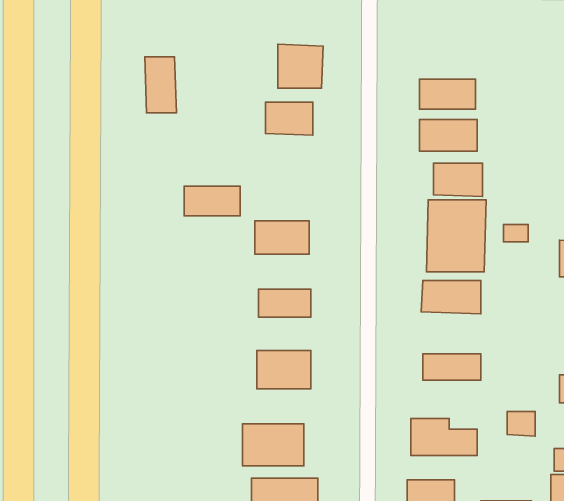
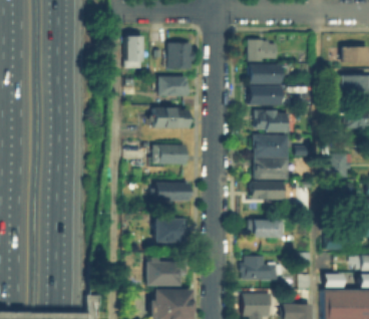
building: none -> [249,38,277,59]
building: [145,57,176,113] -> [124,37,142,69]
building: [184,186,240,216] -> [156,109,189,126]

